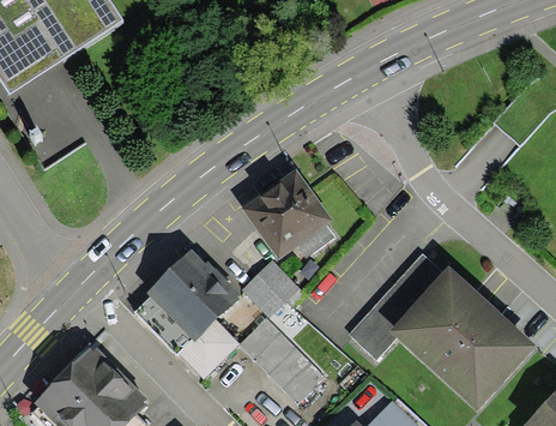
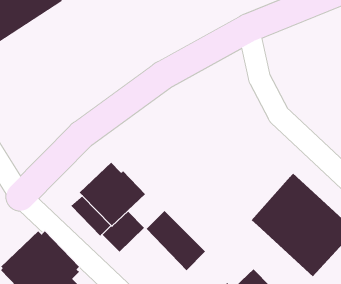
building: [241,169,332,259] -> none
building: [349,252,443,360] -> none
building: [241,260,304,318] -> none

